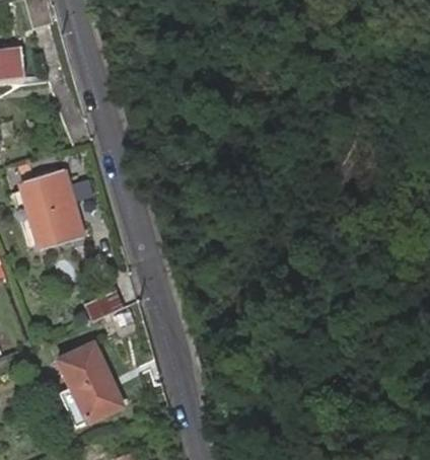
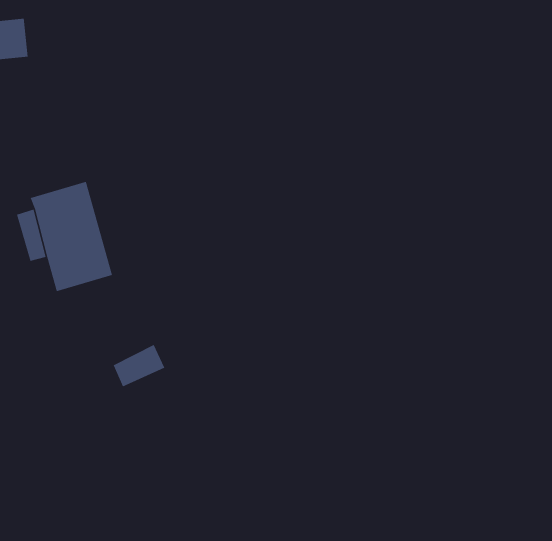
building: [57,343,117,413] -> none

